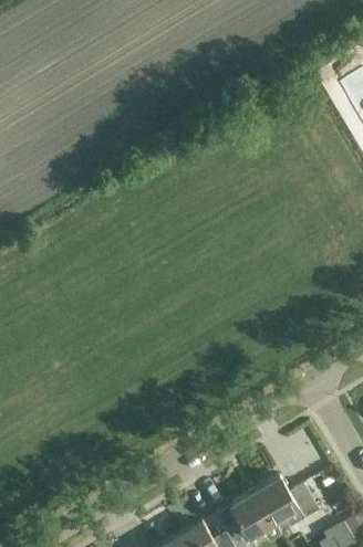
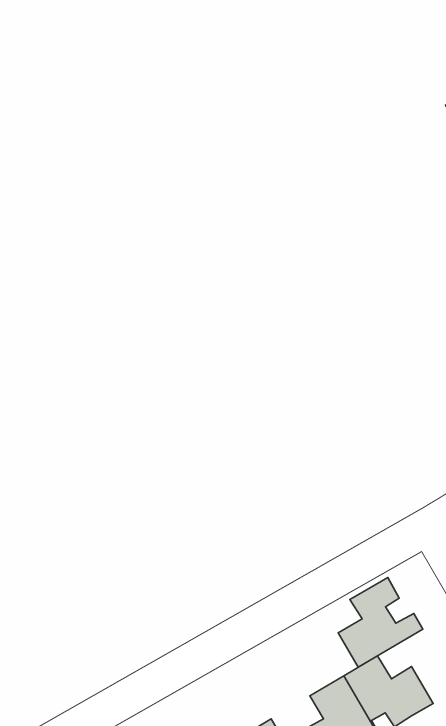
building: none -> [338,577,423,667]

